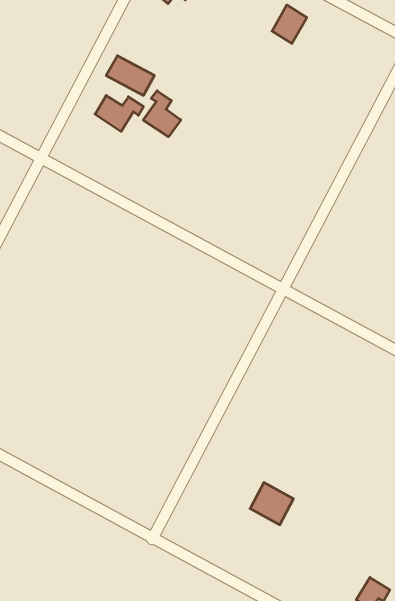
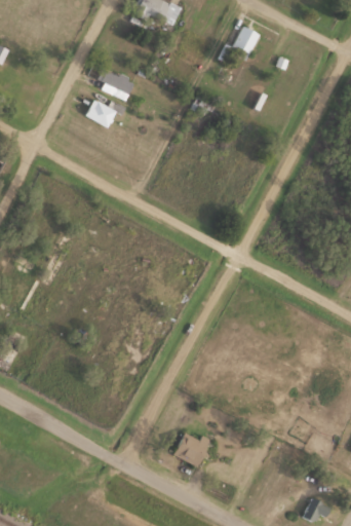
building: [143,91,181,137] -> none
building: [250,483,293,525] -> [171,431,207,466]

